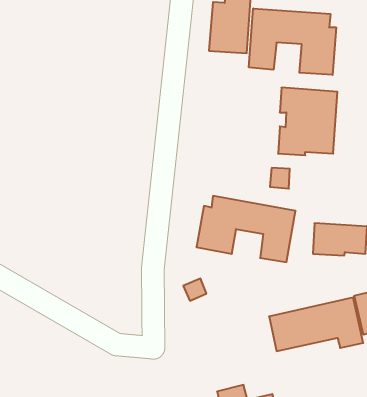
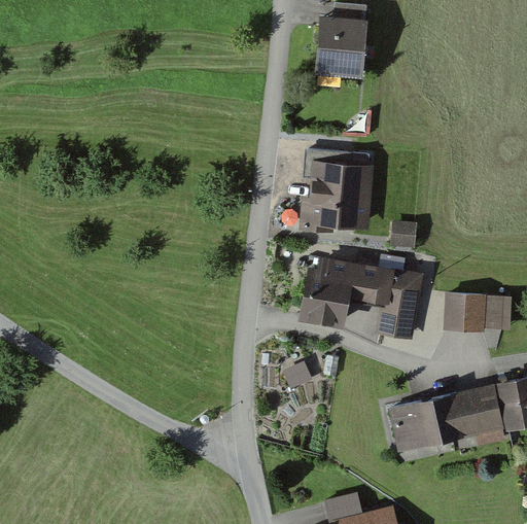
building: [249,8,336,75] -> none
building: [278,88,337,155] -> [300,147,374,232]

